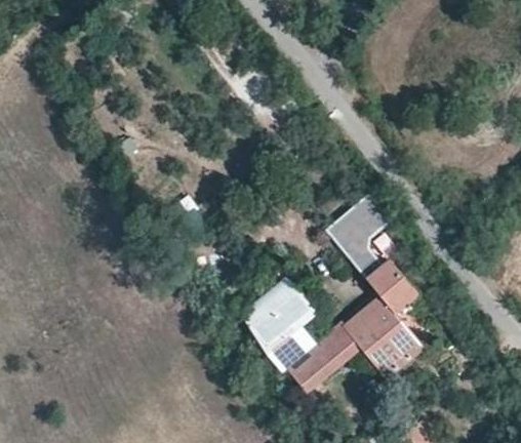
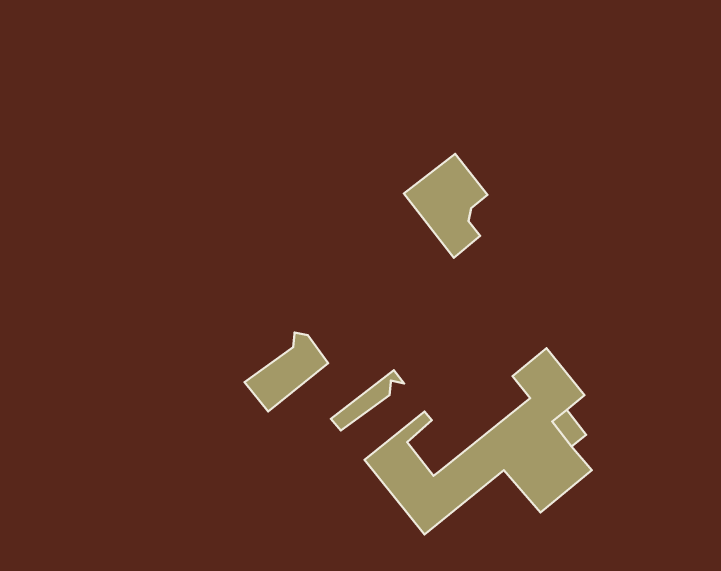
building: [325,200,384,273] -> [404,154,487,258]
building: [247,284,306,339] -> [245,332,328,412]

